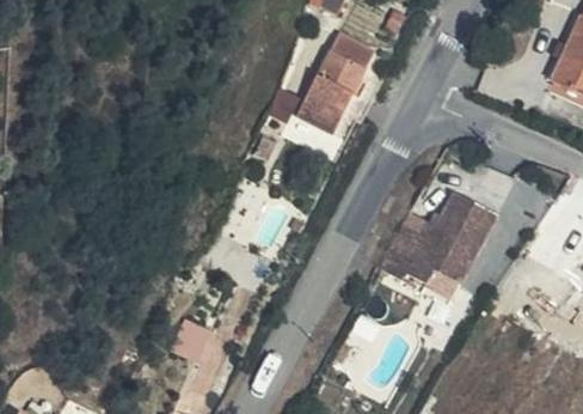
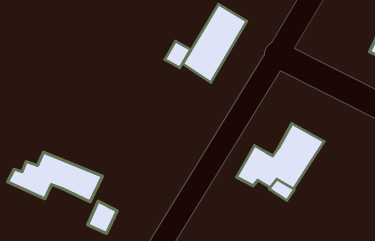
building: none -> [7,152,102,202]

